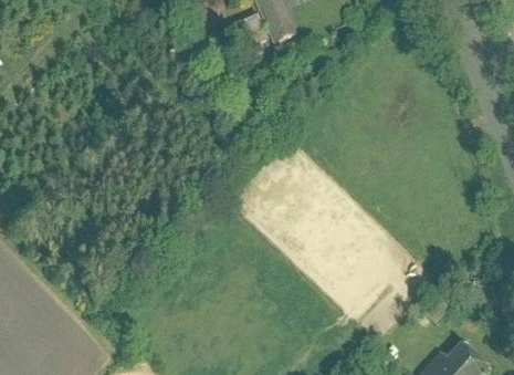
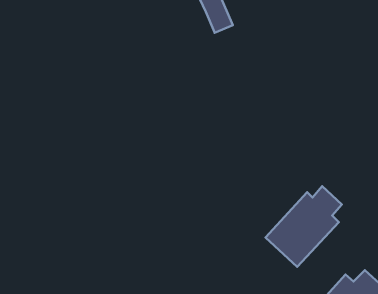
building: none -> [266,186,342,267]

